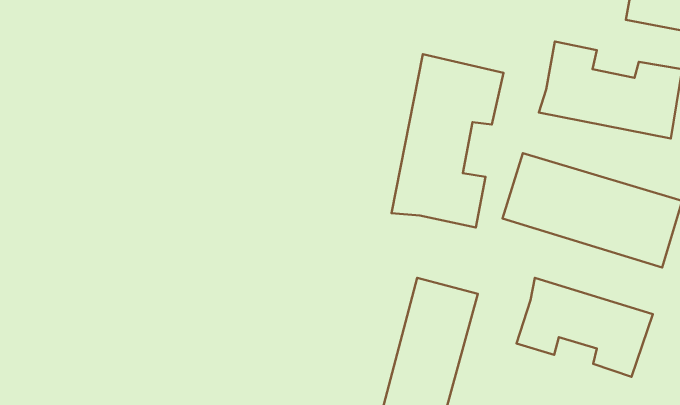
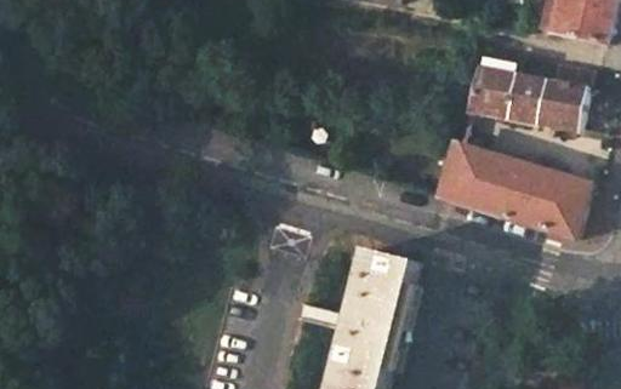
building: [391,54,504,227] -> none
building: [516,278,653,377] -> none

